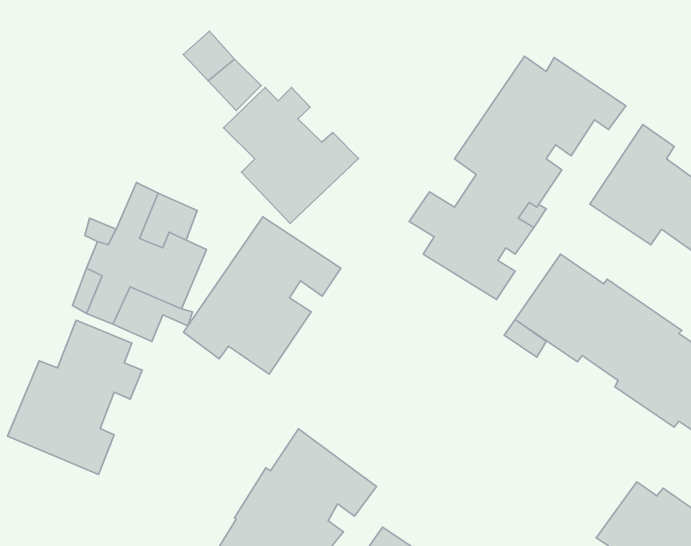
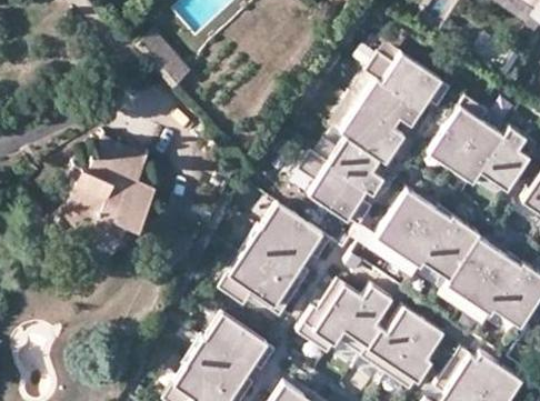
building: [223,87,359,224] -> none
building: [183,217,341,374] -> [221,204,333,317]
building: [8,320,142,474] -> none
building: none -> [298,283,443,392]

